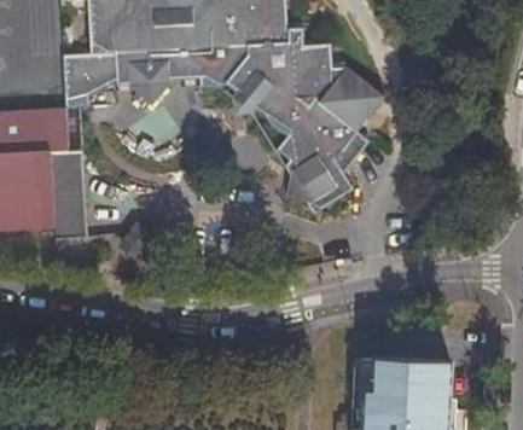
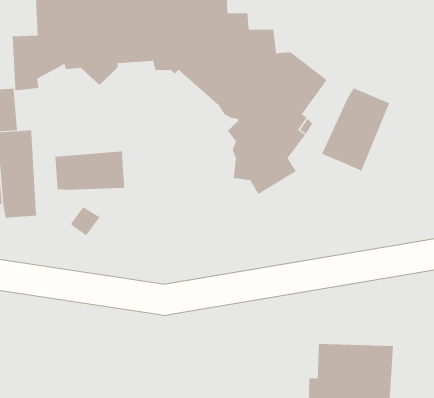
building: none -> [322,87,390,171]
building: none -> [55,150,125,191]

